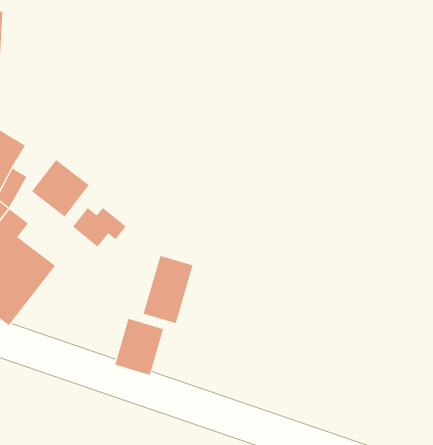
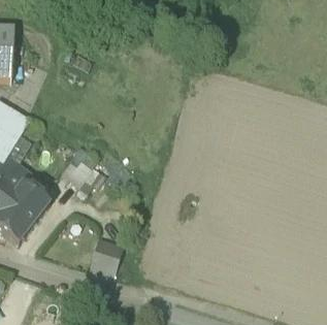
building: [31,159,90,217] -> none
building: [143,255,193,324] -> none

